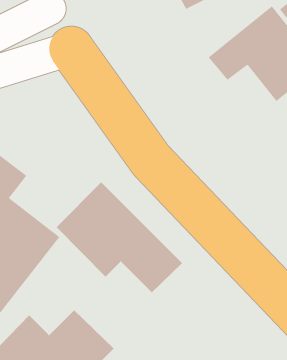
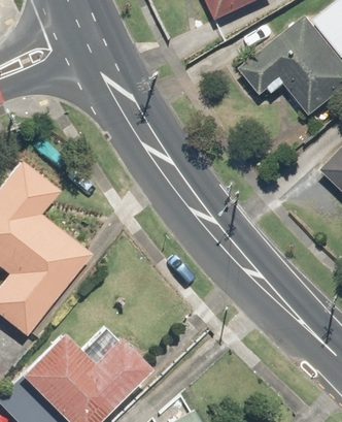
building: [56,182,183,293] -> none

